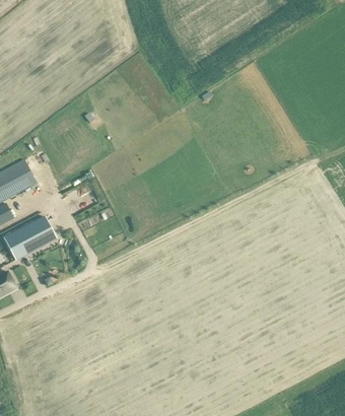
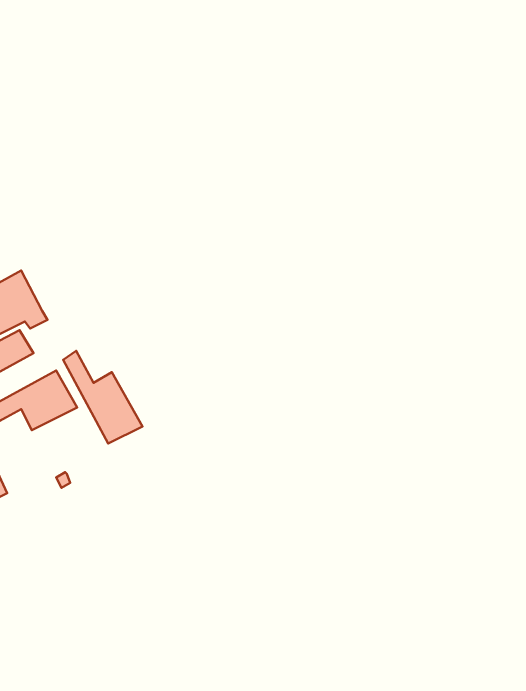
building: none -> [63,351,143,443]

